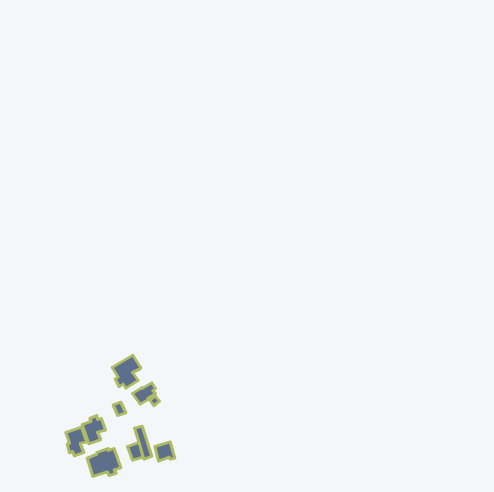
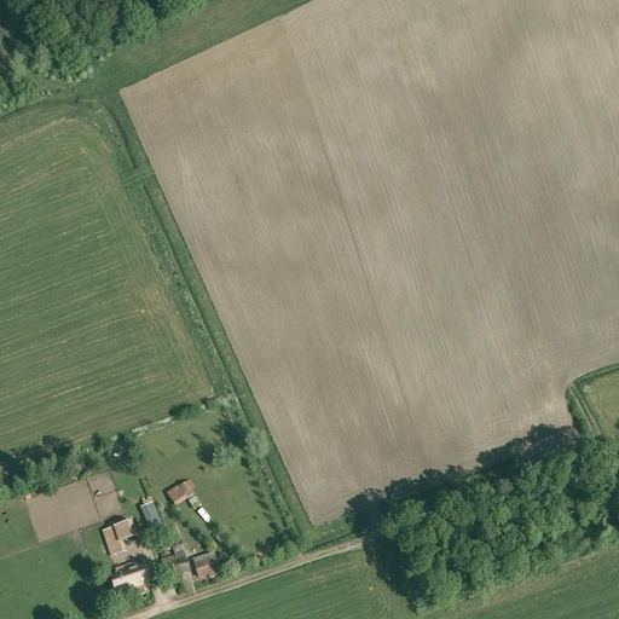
building: [112,355,141,388] -> none
building: [66,427,86,456] -> none

